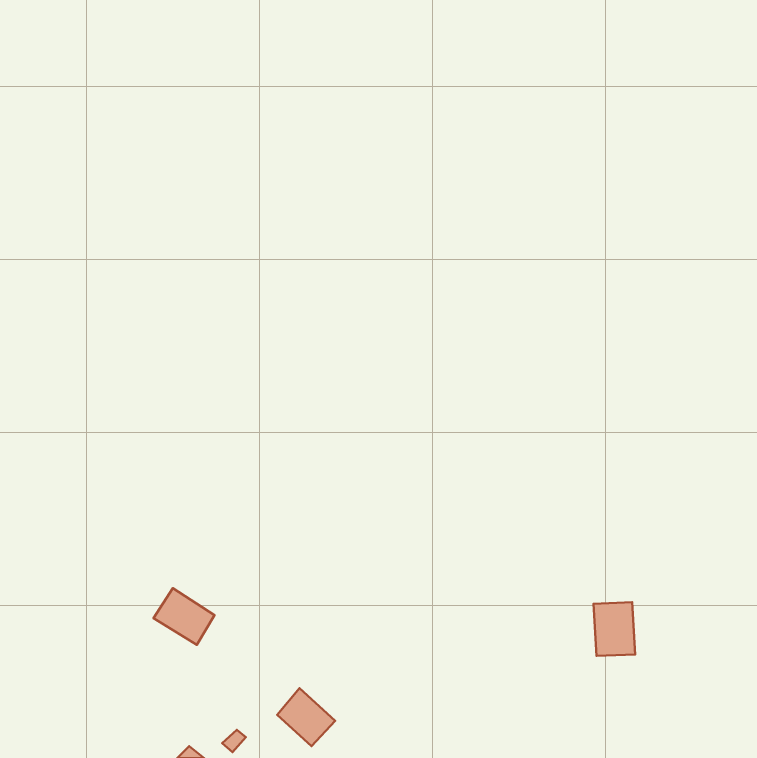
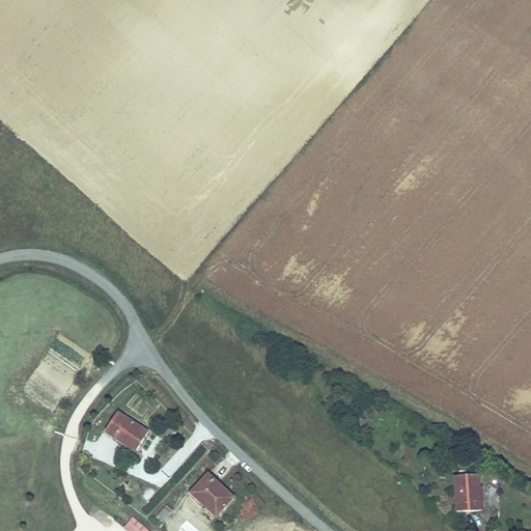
building: [593,602,635,656] -> [450,470,479,507]

